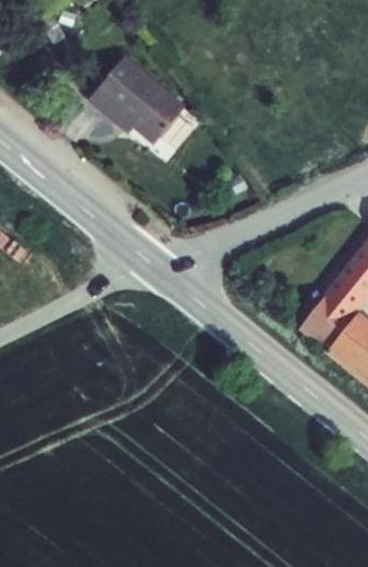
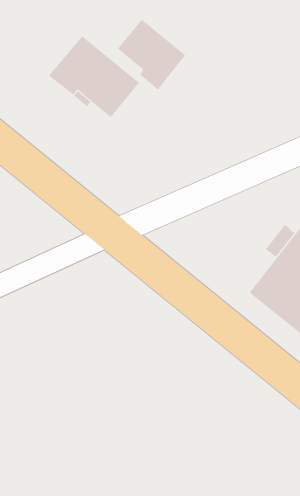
building: none -> [117,19,186,90]

